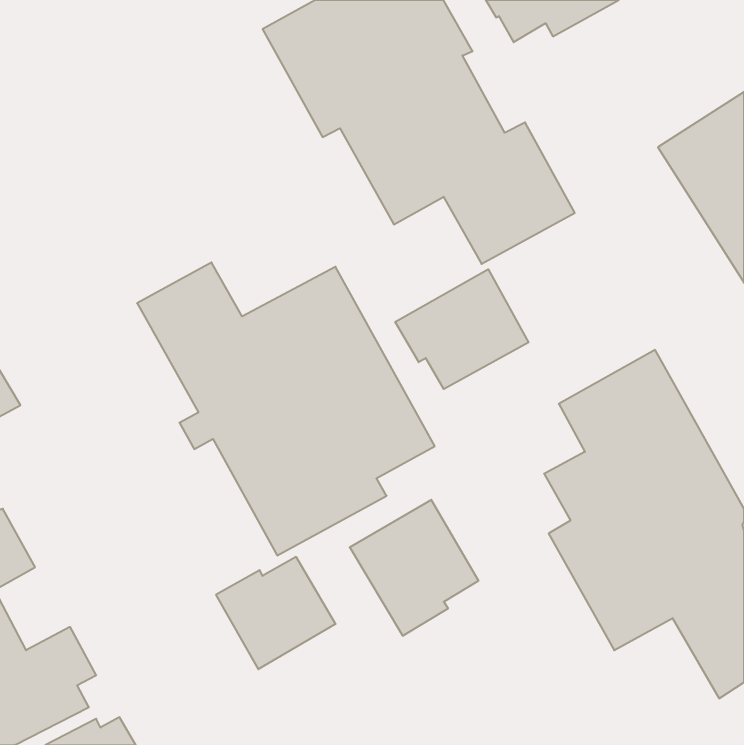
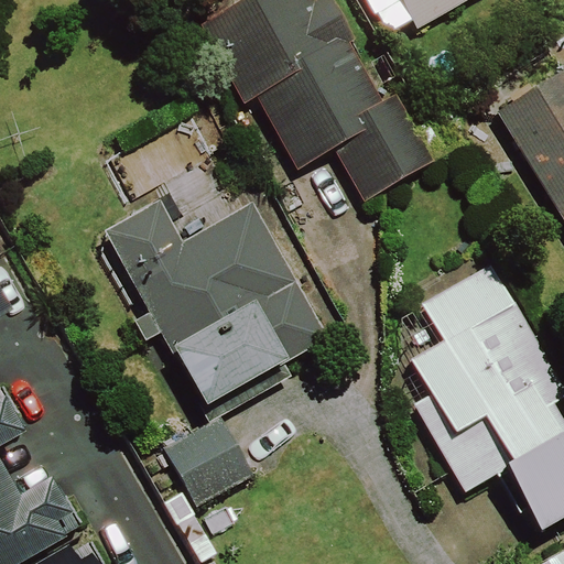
building: [395,269,529,389] -> none
building: [350,500,478,636] -> none

